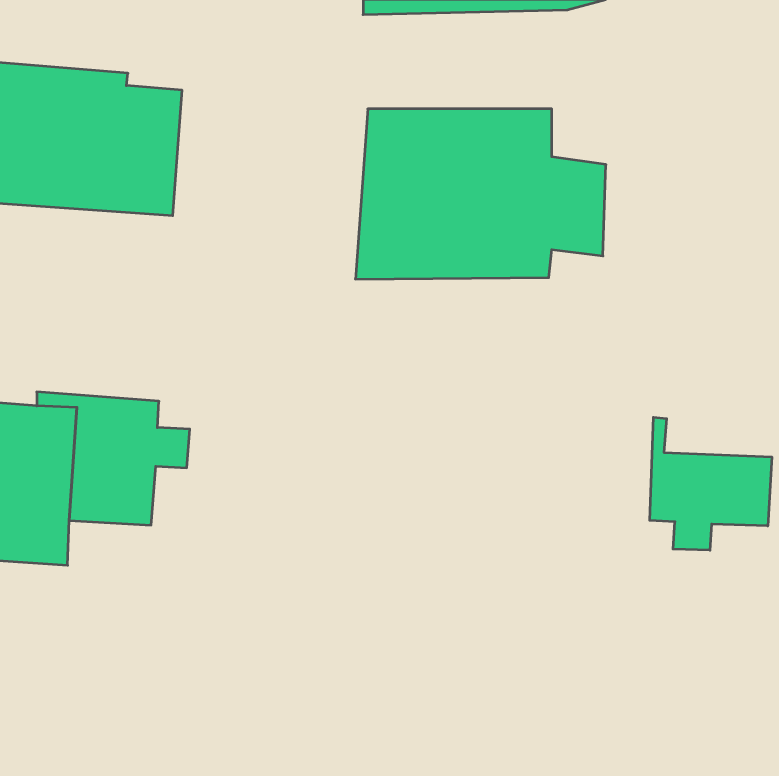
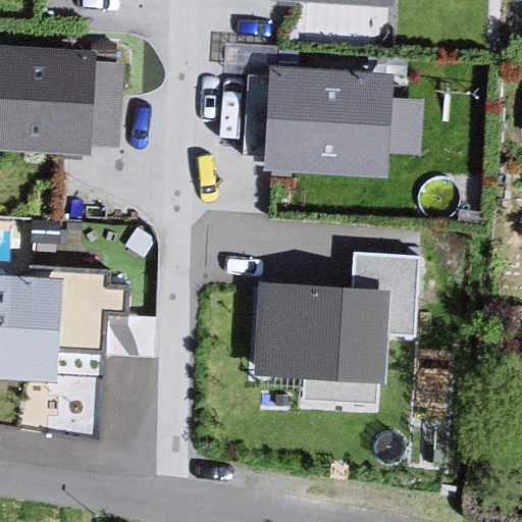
building: none -> [248,253,414,400]
building: [650,417,772,550] -> none

